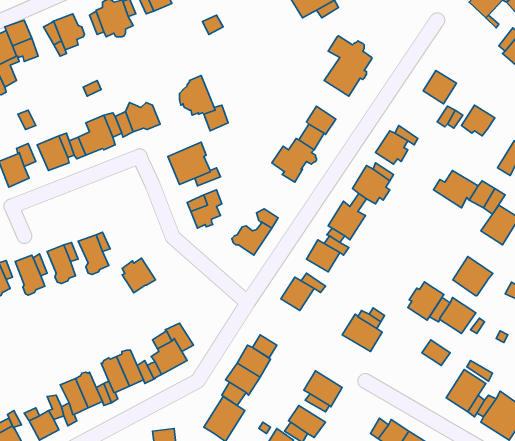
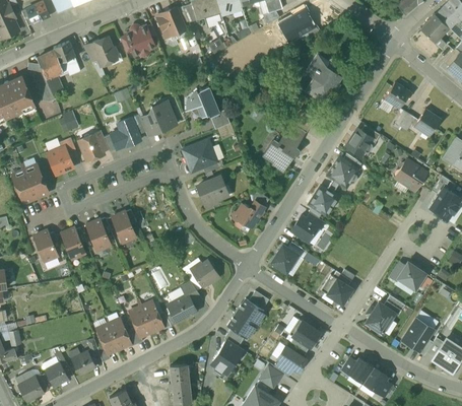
building: [453,257,493,296] -> none
building: [122,258,156,293] -> [193,259,219,286]
building: [408,282,444,320] -> [366,301,394,332]

